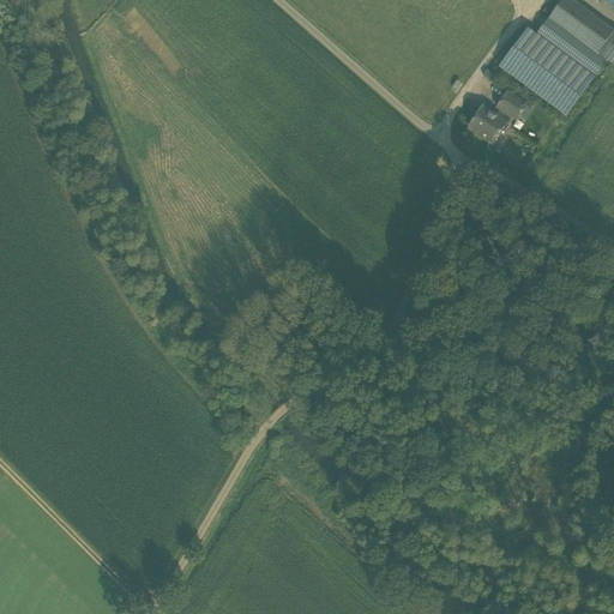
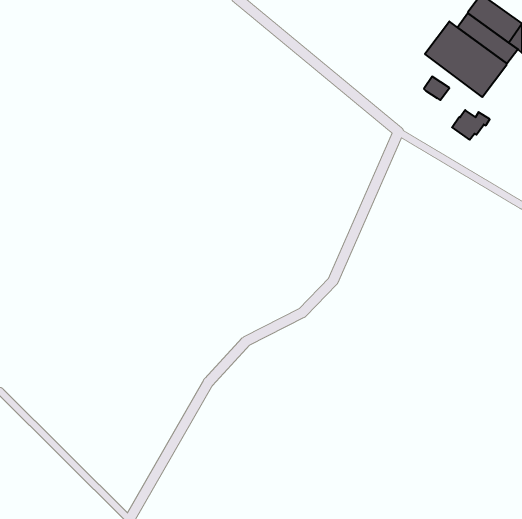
building: [469,104,513,139] -> [452,110,490,140]

